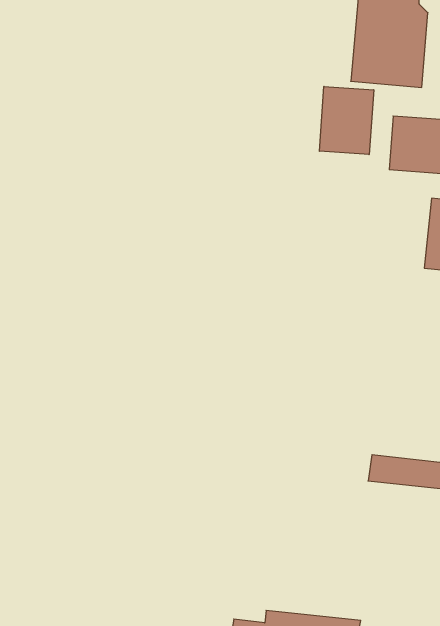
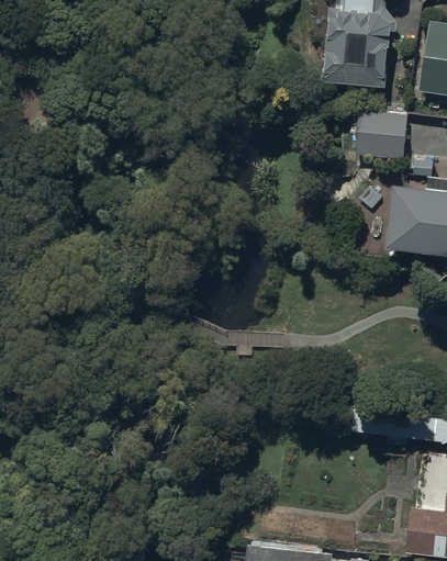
building: [319,86,374,155] -> none

